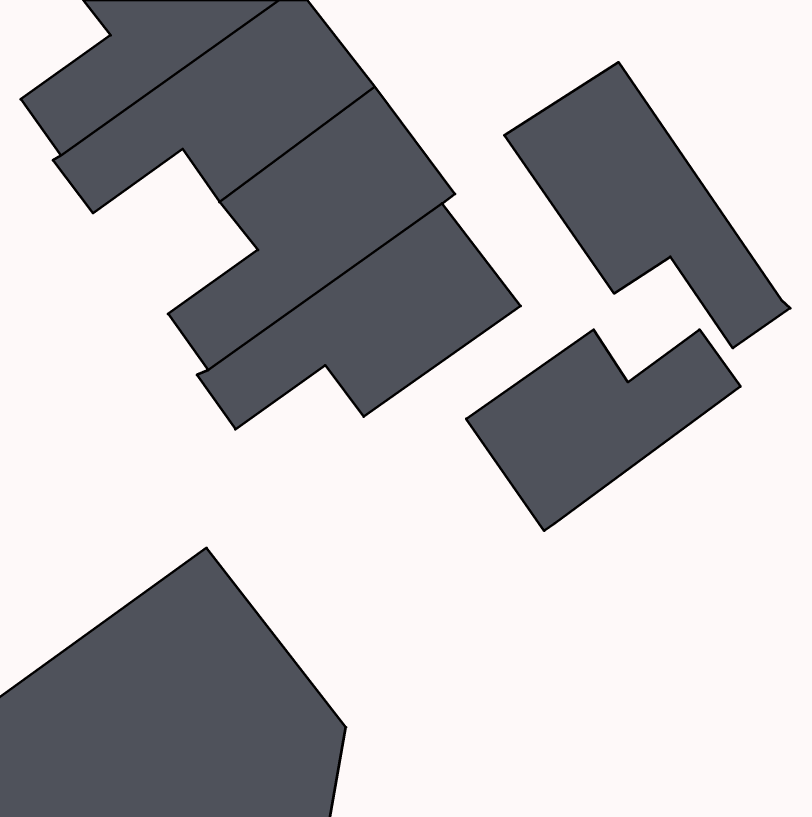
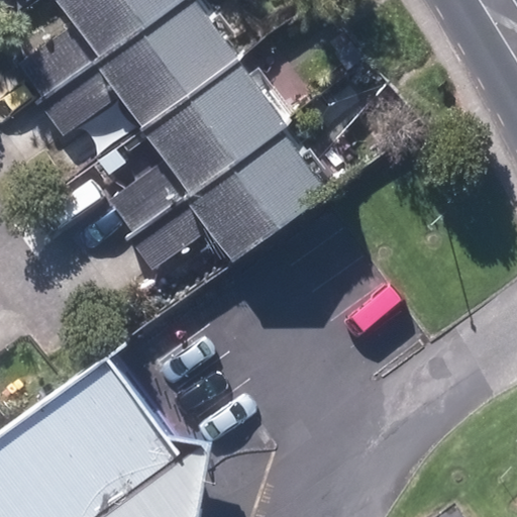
building: [504,62,790,348] -> none
building: [466,330,740,531] -> none

